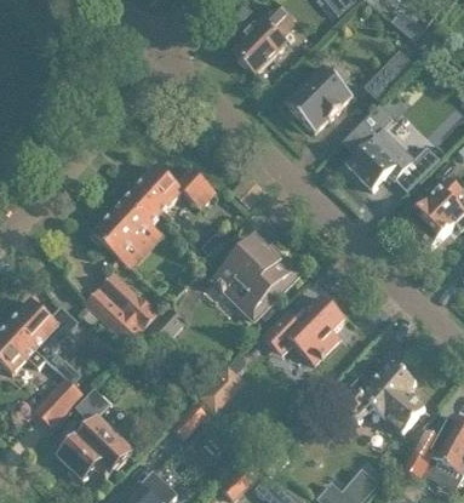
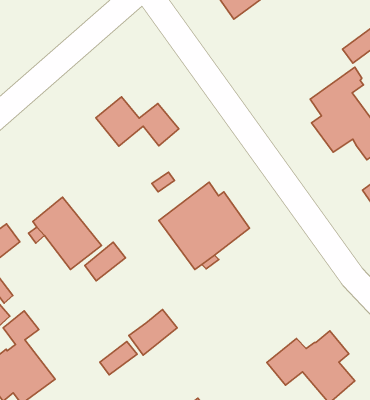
building: [285,64,350,131] -> none
building: [93,189,161,262] -> none
building: [265,295,346,364] -> none

